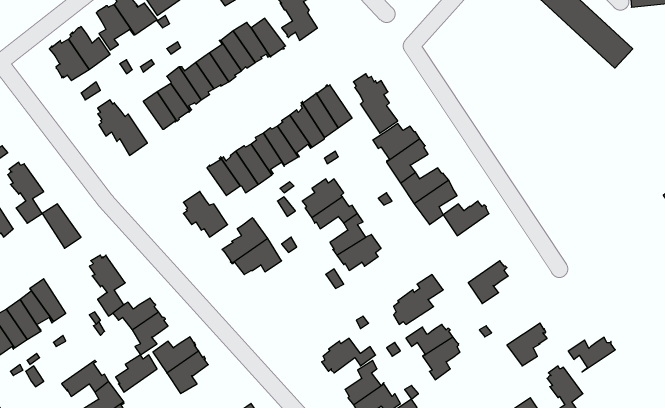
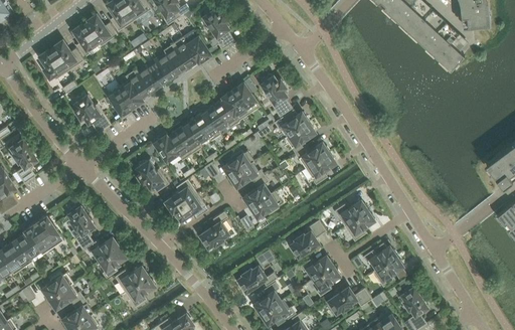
building: [443,201,489,236] -> [334,202,367,227]
building: [42,204,81,248] -> [35,217,63,250]
building: none -> [200,212,228,249]
building: [568,337,615,372] -> [362,248,396,273]
building: [116,355,157,392] -> [42,274,72,301]
building: none -> [328,289,372,314]

